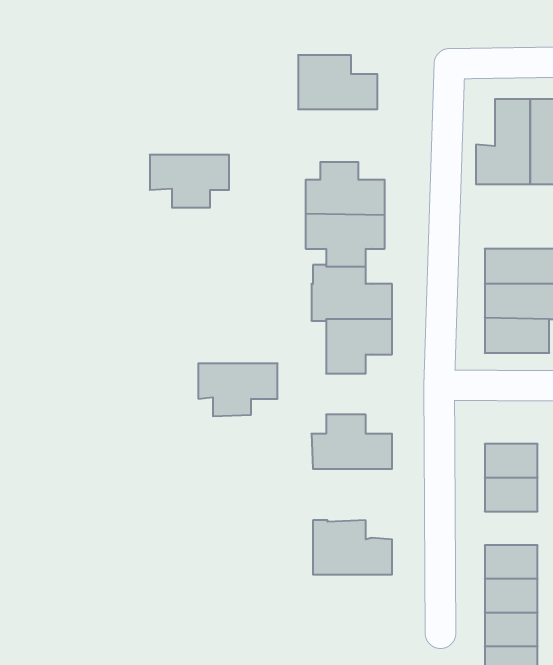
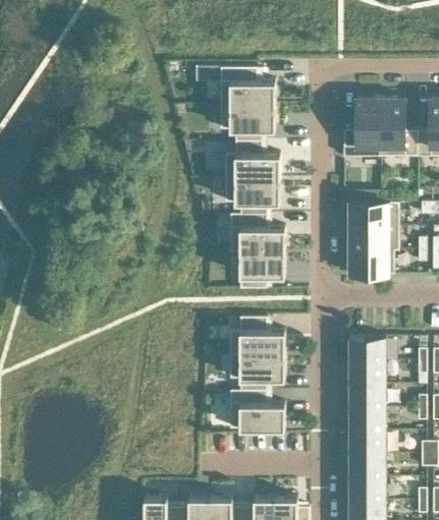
building: [150,155,229,208] -> [219,106,274,142]
building: [198,363,278,416] -> [229,355,284,392]
building: none -> [348,385,385,408]

